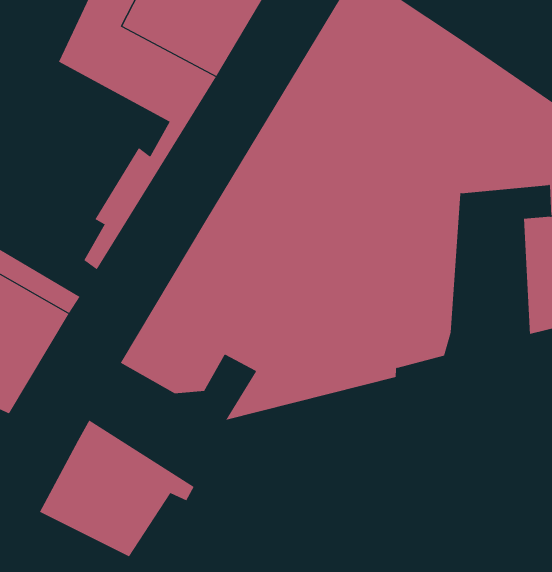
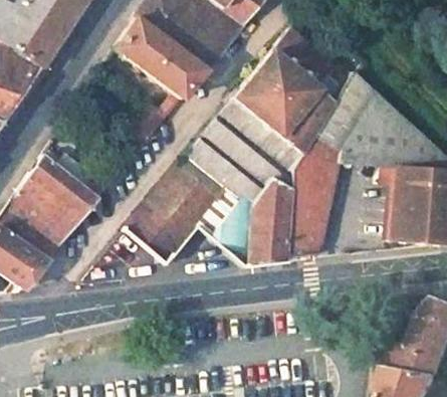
building: [39,419,195,557] -> none

